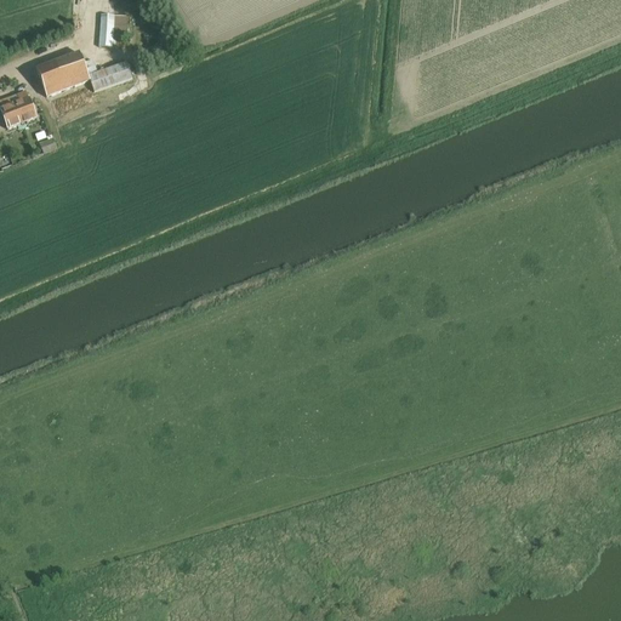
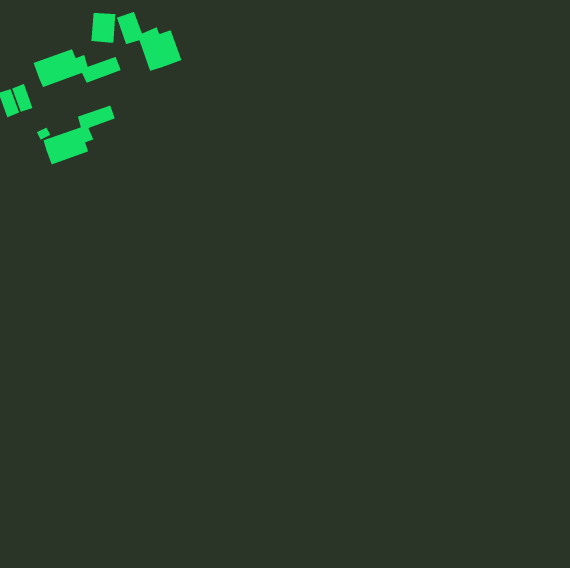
building: none -> [116,11,182,72]
building: none -> [43,104,116,166]

